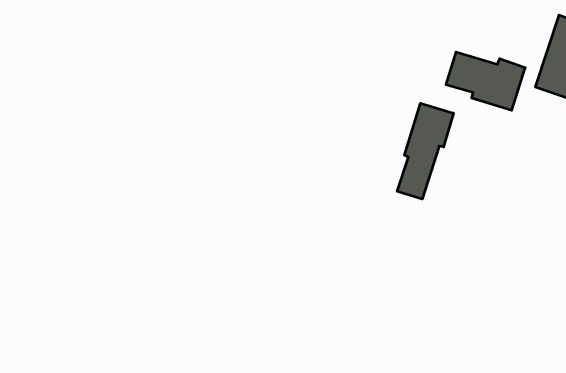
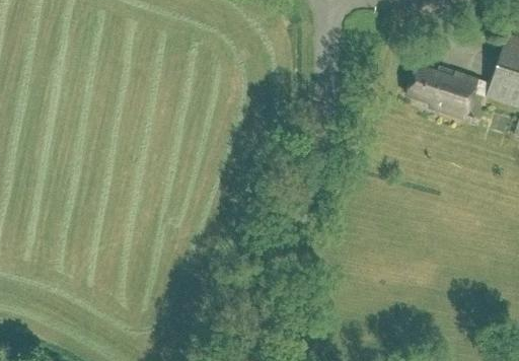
building: [397,103,453,199] -> none

